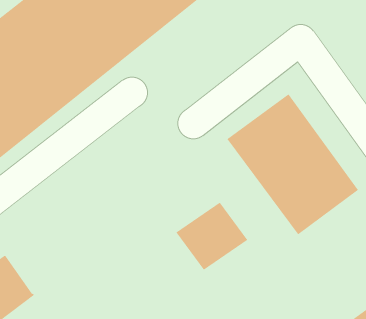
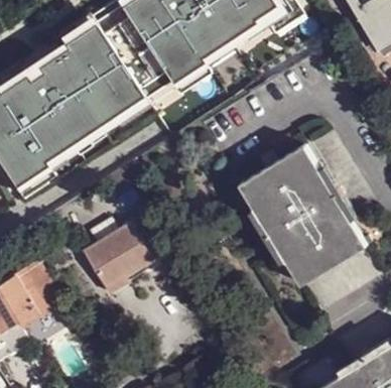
building: [175,202,248,270] -> [84,225,154,290]
building: none -> [16,270,60,321]

